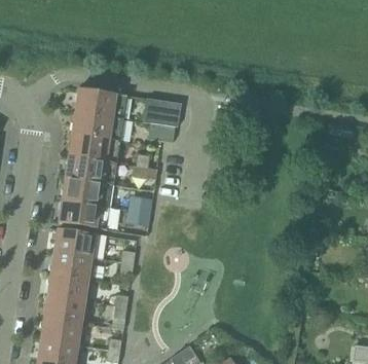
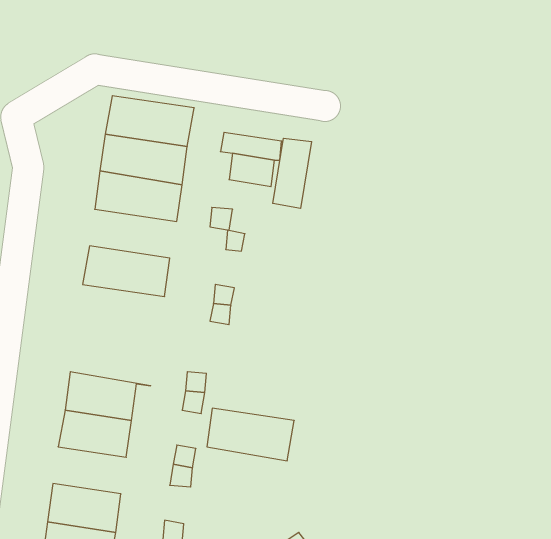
building: none -> [273,138,312,208]
building: [66,155,117,184] -> none
building: [59,199,110,229] -> none
building: [54,228,106,259] -> [207,408,294,461]
building: [44,295,87,323] -> none

